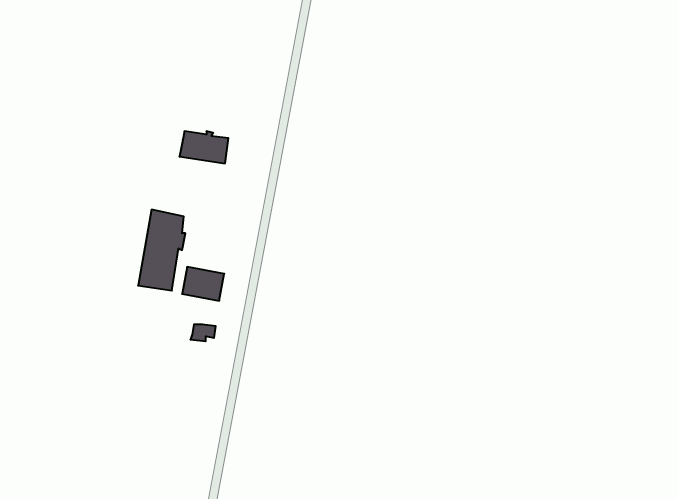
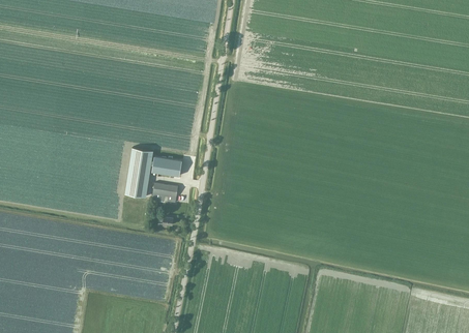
building: [179,131,228,163] -> [153,154,183,174]

